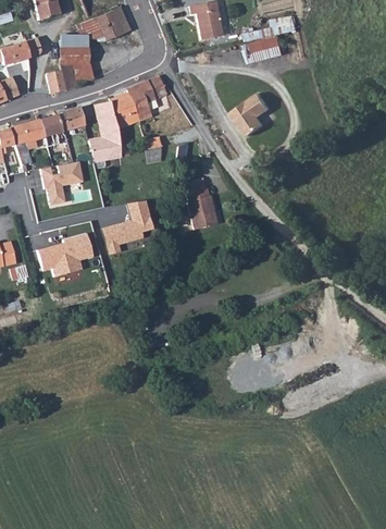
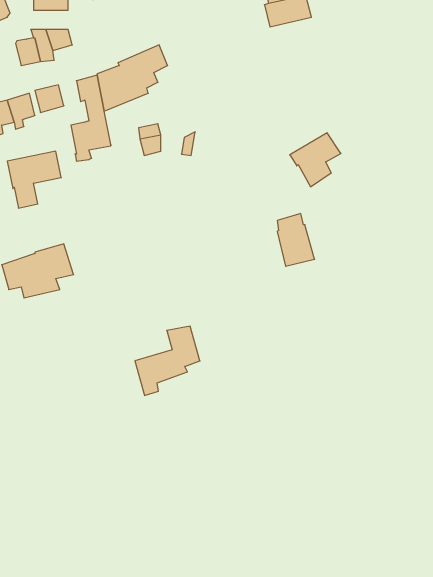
building: [61,49,88,64] -> none
building: [232,93,272,135] -> [290,133,341,187]
building: [188,187,217,229] -> [277,214,315,266]
building: [101,200,152,255] -> [135,326,200,395]

